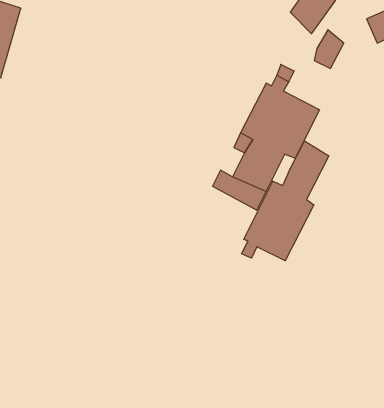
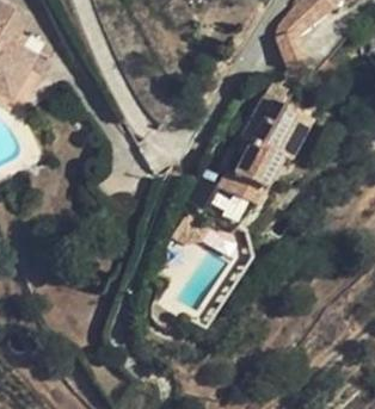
building: [242,141,329,261] -> none

